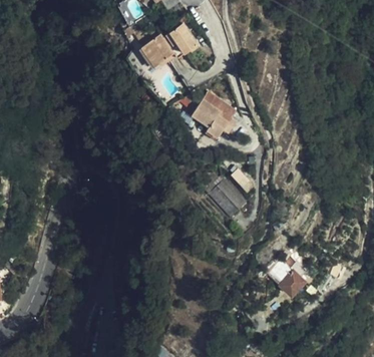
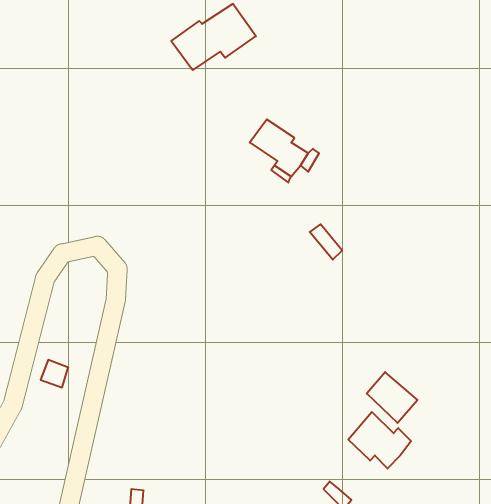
building: [208,177,247,216] -> none
building: none -> [348,412,411,469]

